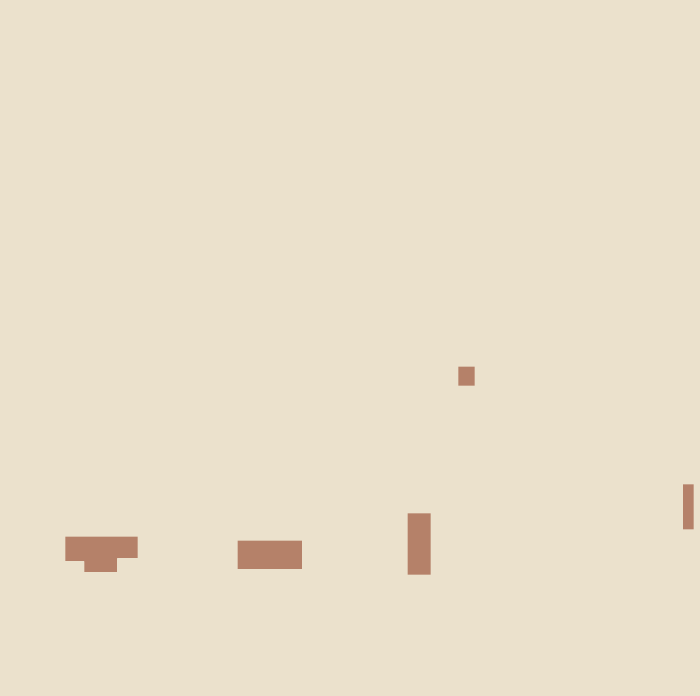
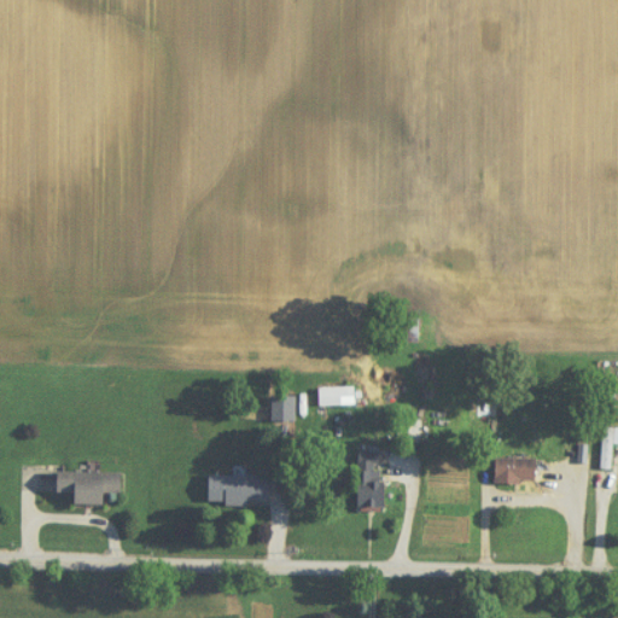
building: none -> [317,386,355,404]
building: none -> [270,395,296,424]
building: none -> [495,457,536,482]

